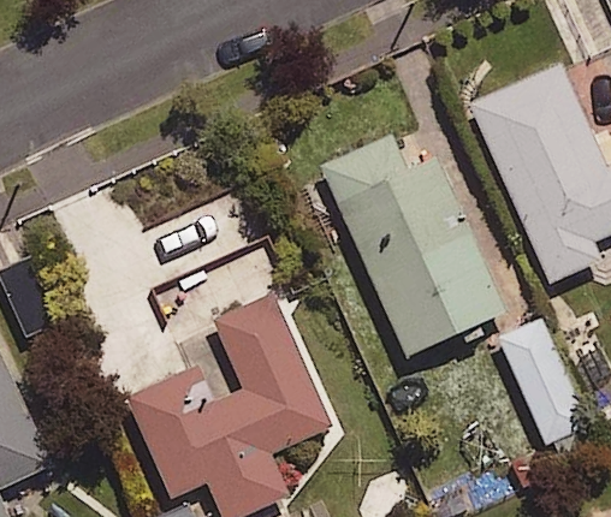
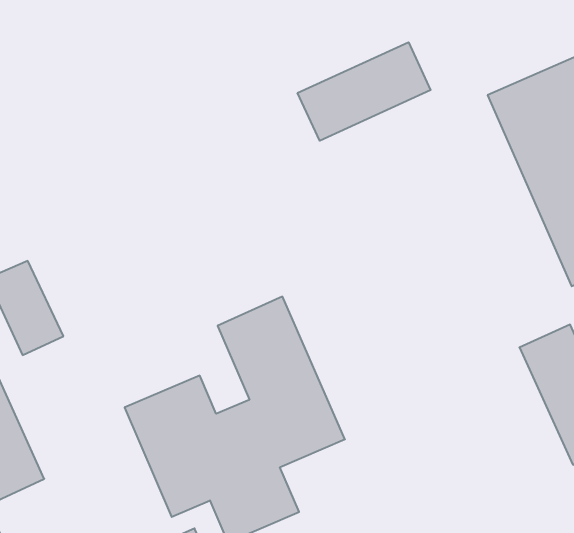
building: none -> [298,42,431,141]
building: [320,132,506,356] -> none

